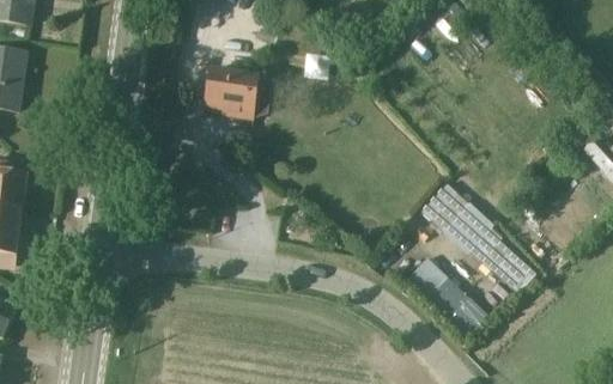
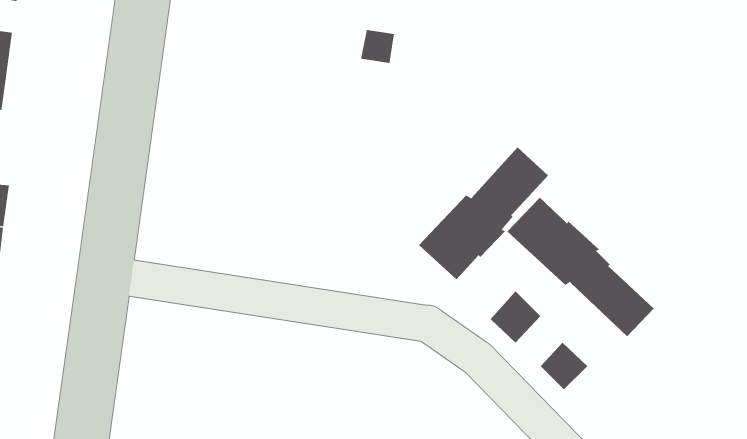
building: [205,68,269,115] -> none
building: none -> [418,147,549,280]

